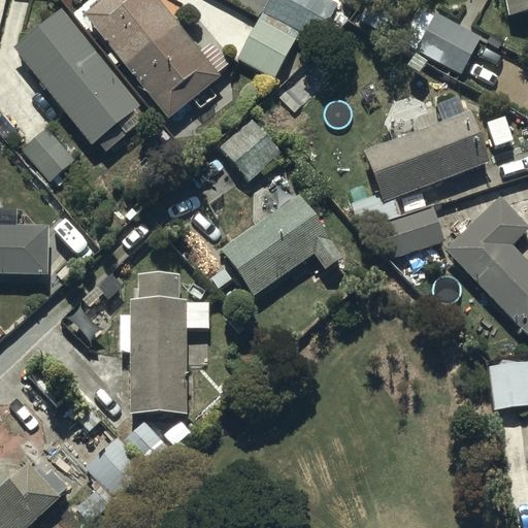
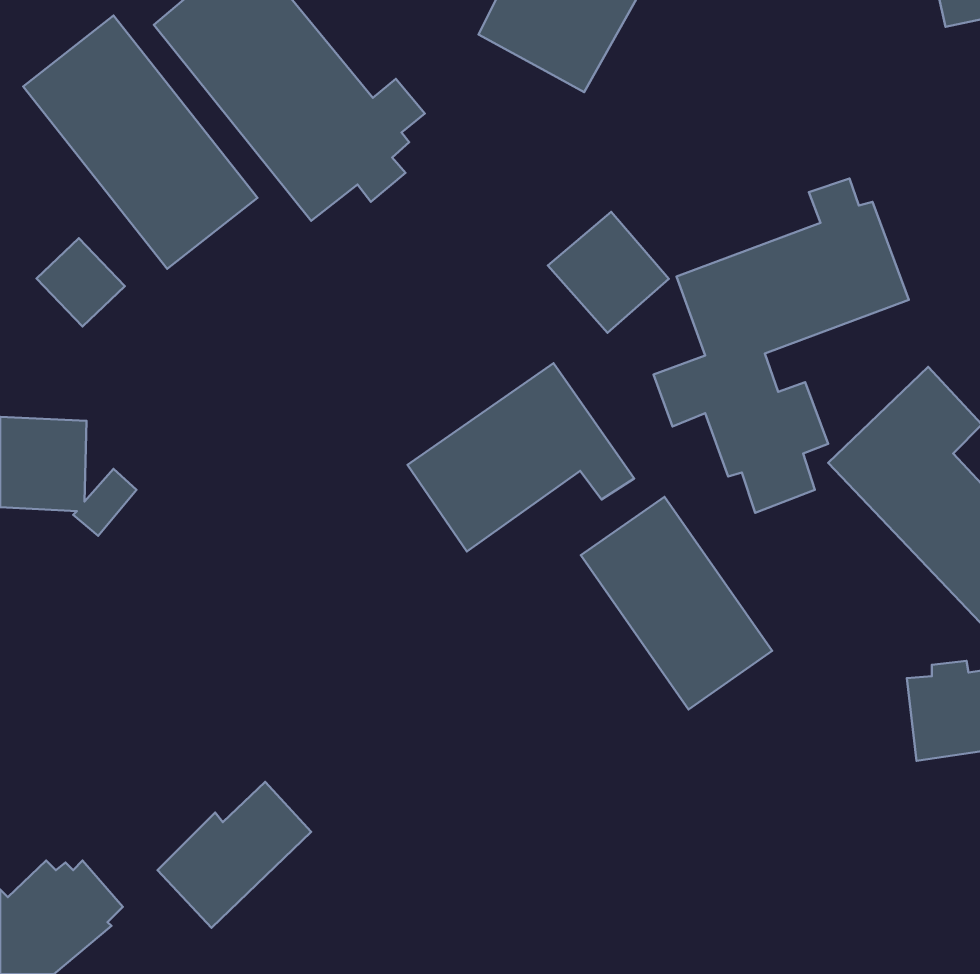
building: [415,10,482,72] -> none
building: [236,19,294,76] -> none
building: [218,118,283,183] -> [548,212,669,333]
building: none -> [581,497,772,709]
building: [120,274,207,411] -> none

